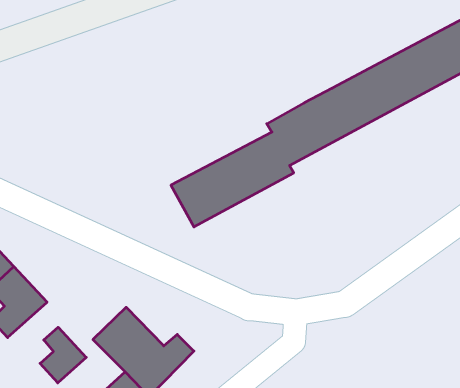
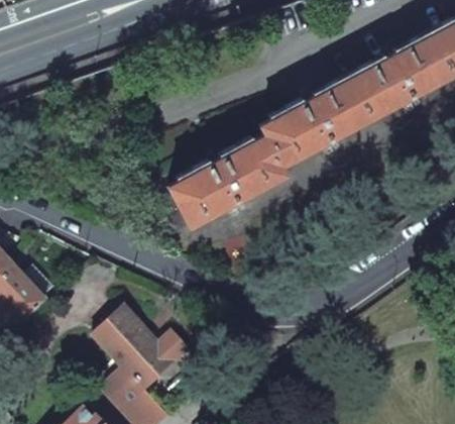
building: [40,327,86,383] -> none

